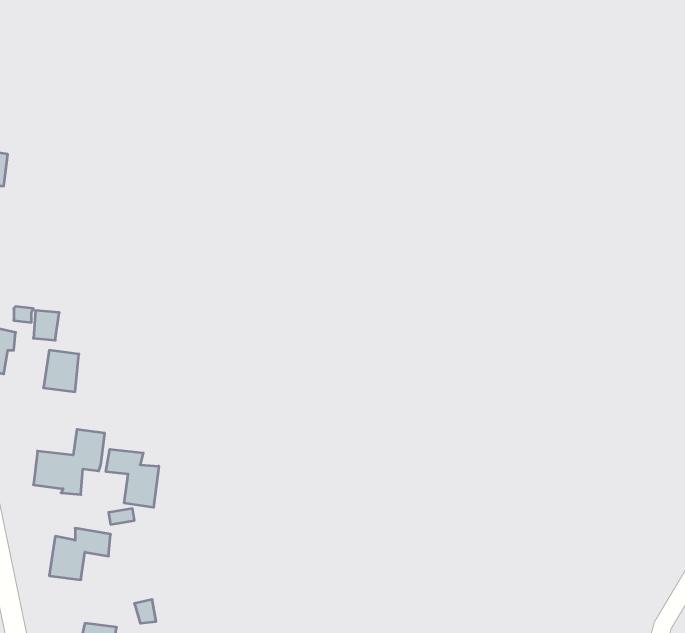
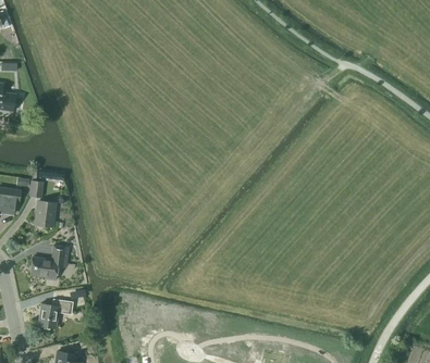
building: [106,449,159,507] -> none

